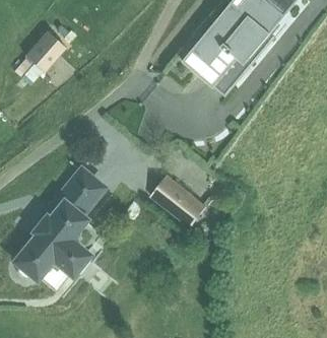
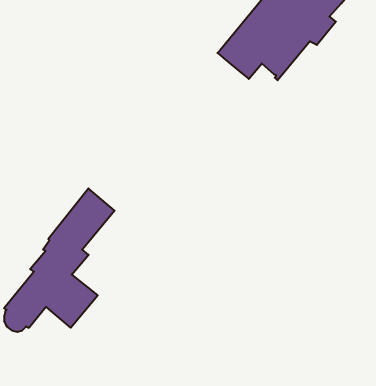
building: [24,30,64,72] -> none
building: [150,176,205,226] -> none

